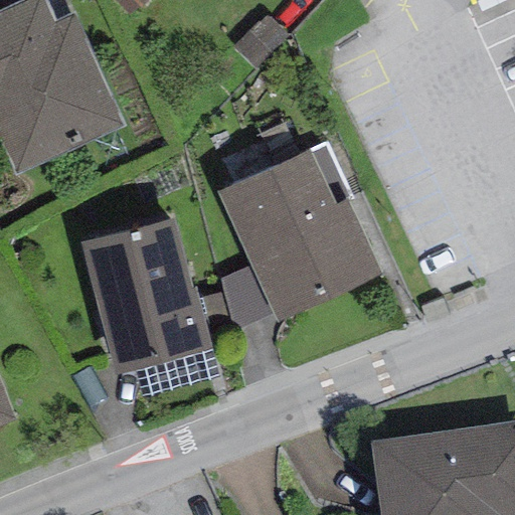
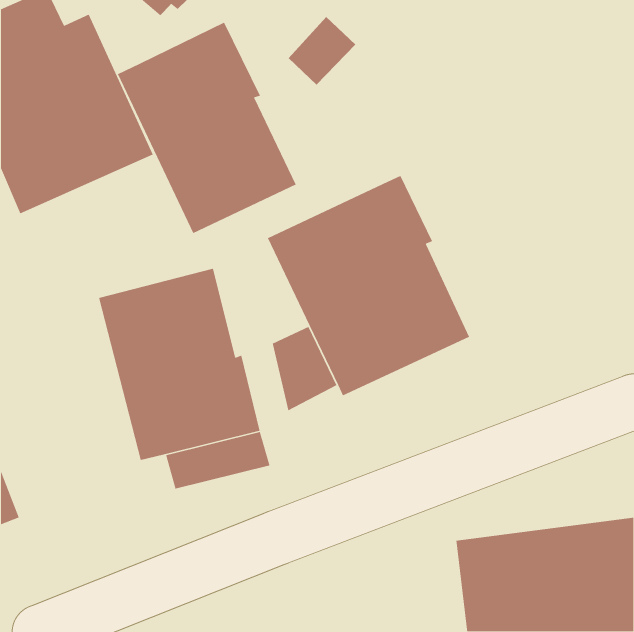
building: none -> [117,22,297,234]

